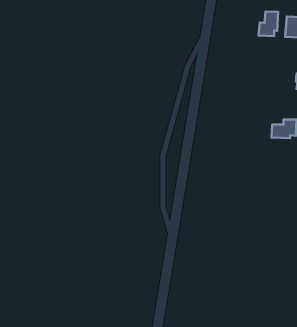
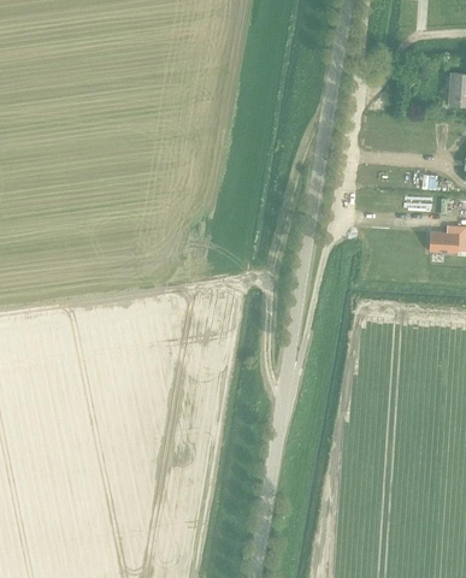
building: [258,11,278,36] -> none

